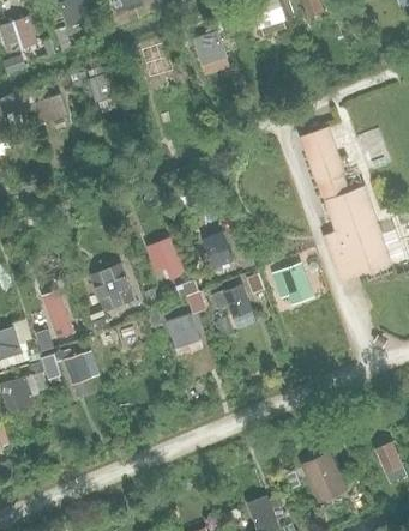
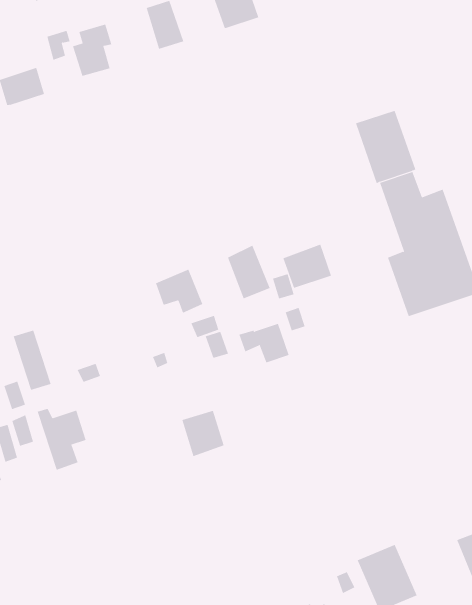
building: [272,263,309,296] -> [282,244,332,289]
building: [95,265,134,310] -> none
building: [167,313,199,348] -> [181,410,225,457]

